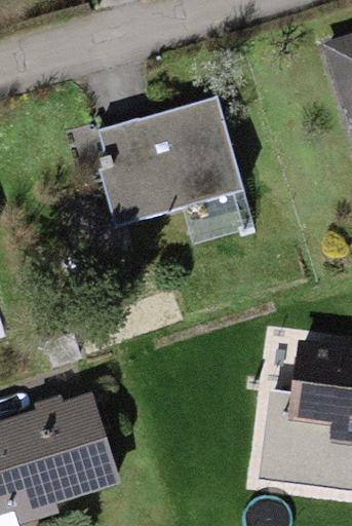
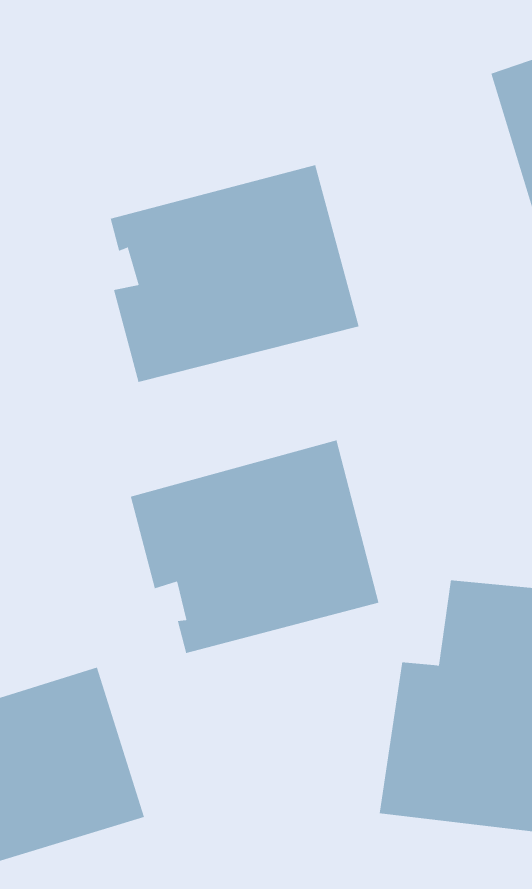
building: none -> [130,439,379,654]

